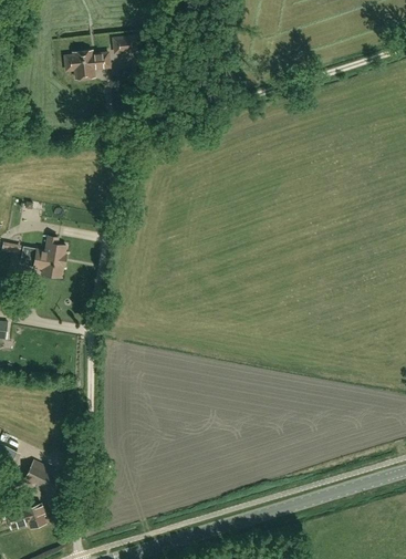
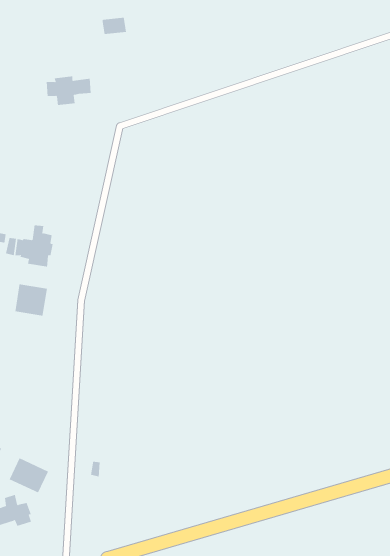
building: [65,51,110,80] -> [46,76,92,106]
building: none -> [15,283,47,316]

